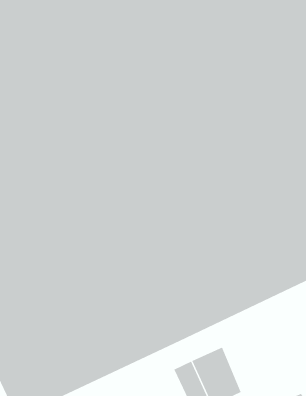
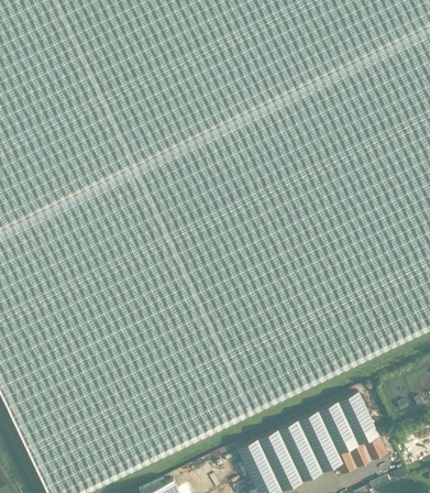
building: none -> [295,390,387,472]

